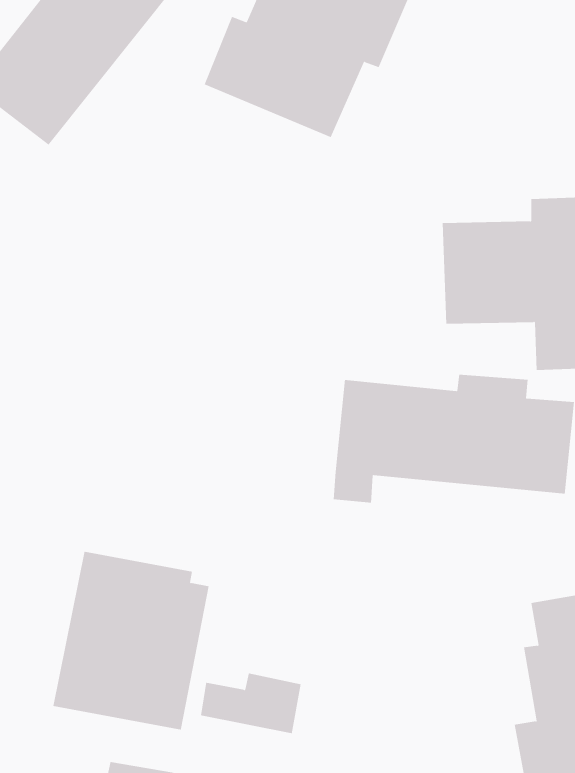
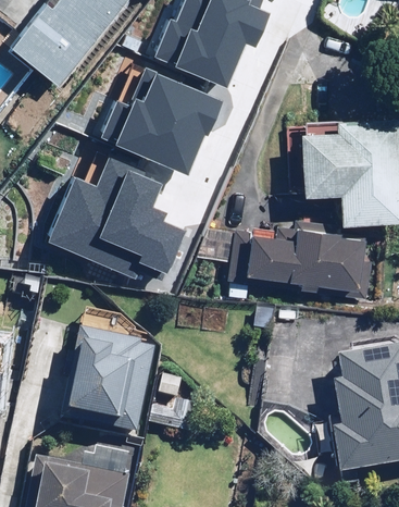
building: none -> [99,60,219,170]
building: none -> [43,150,184,276]

